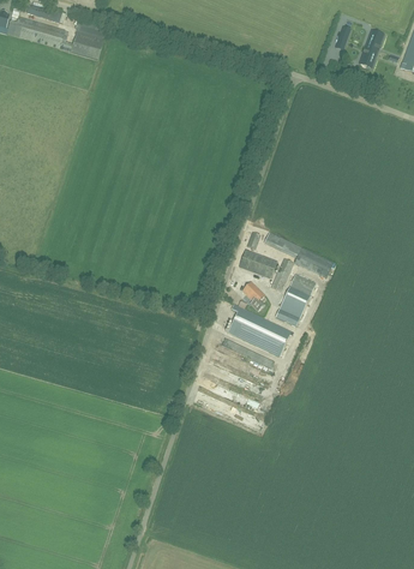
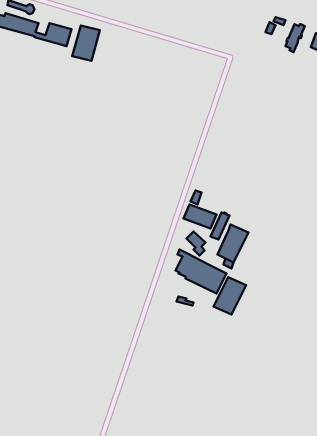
building: none -> [72,26,100,61]
building: none -> [214,277,246,315]

